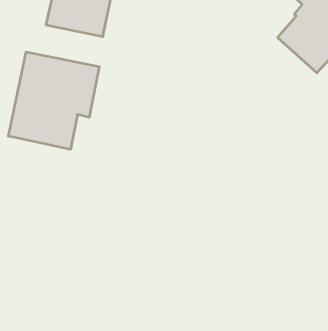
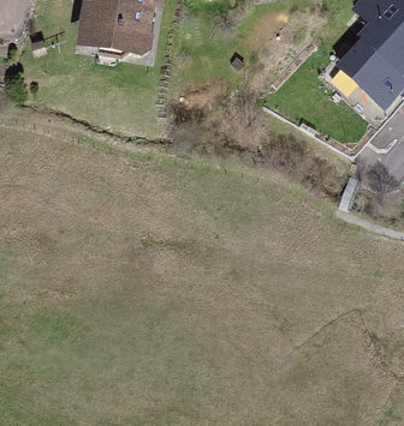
building: [8,52,99,149] -> none

